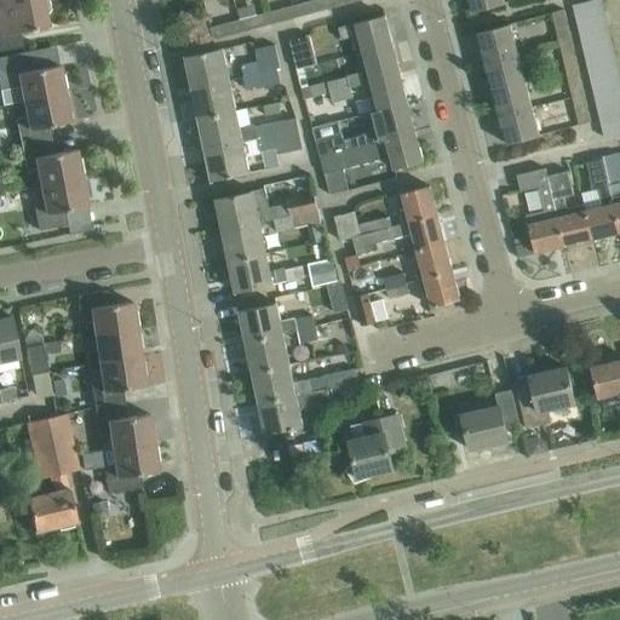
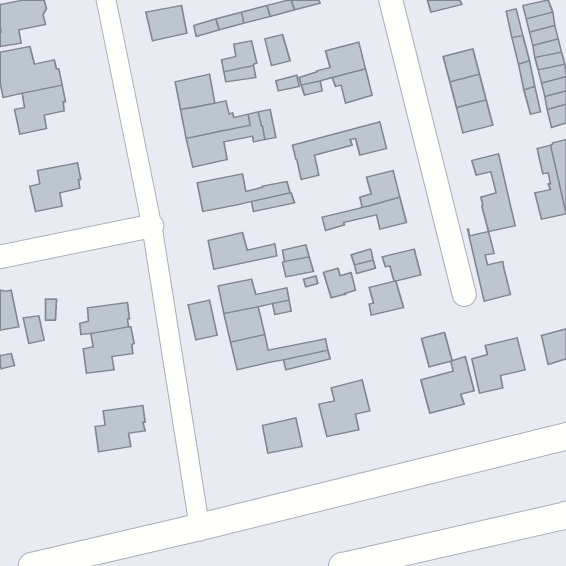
building: [339,17,392,56] -> none
building: [477,25,517,62] -> none
building: [184,51,229,90] -> [146,5,187,41]
building: [315,104,415,159] -> none
building: [22,140,85,186] -> none
building: [545,168,592,247] -> [467,229,511,301]
building: [335,211,394,240] -> none
building: [222,224,265,263] -> none
building: [415,243,453,281] -> [369,281,403,315]
building: [78,291,139,337] -> none
building: none -> [188,300,217,340]
building: none -> [422,332,452,367]
building: [259,396,303,435] -> [262,418,302,453]
building: [94,404,156,449] -> none
building: [27,414,79,532] -> none

